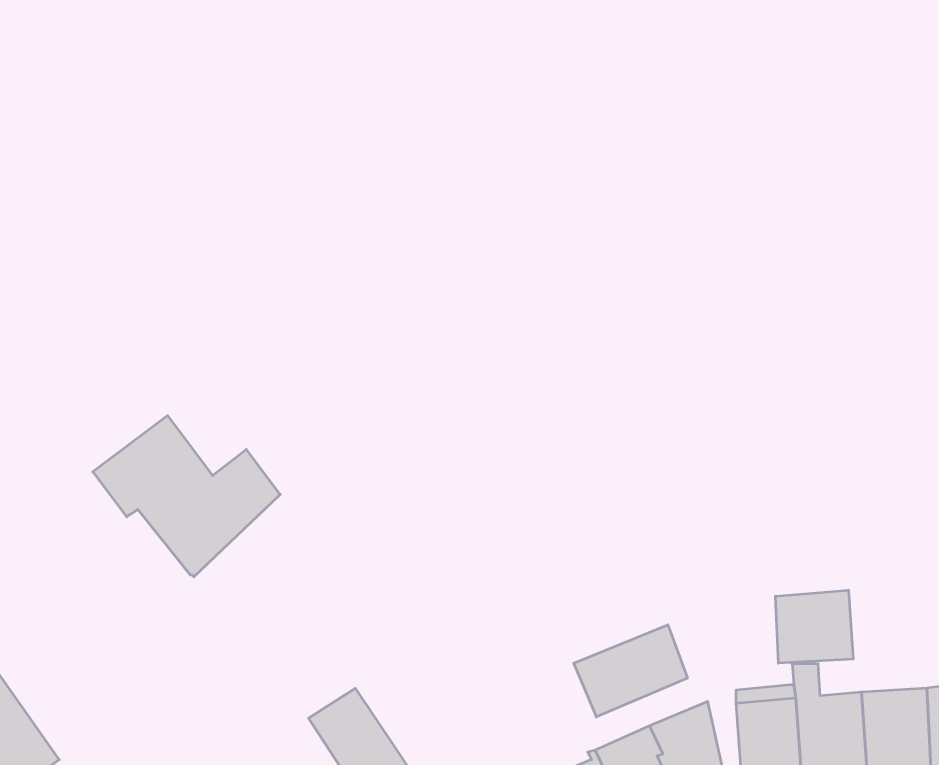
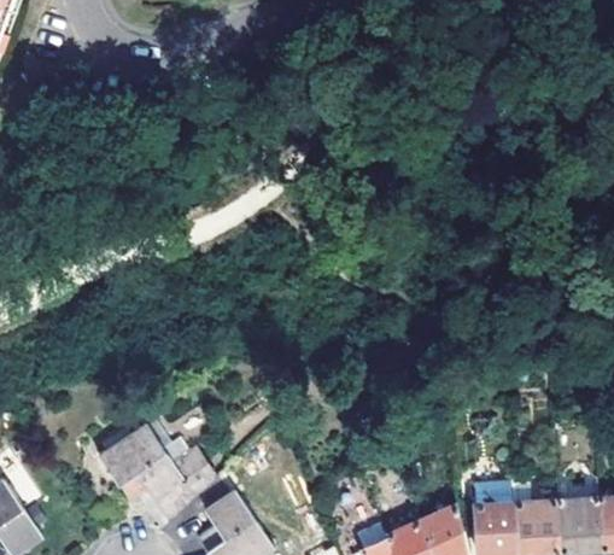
building: [93,416,280,577] -> [95,431,216,534]
building: [776,590,853,663] -> none
building: [574,625,687,717] -> none

